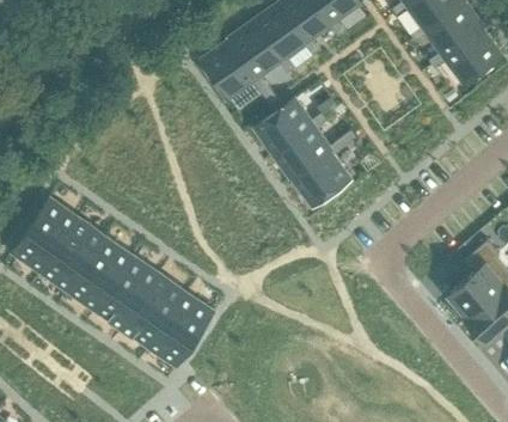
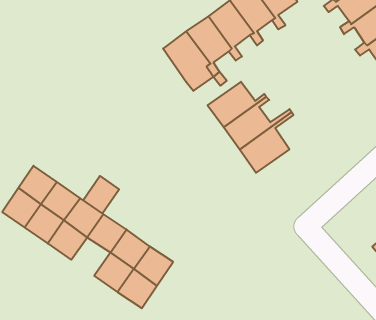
building: none -> [83,176,119,213]
building: [93,282,140,328] -> none

